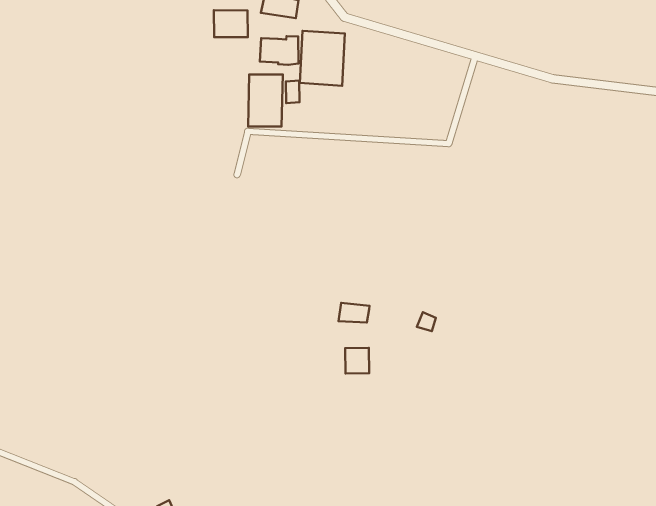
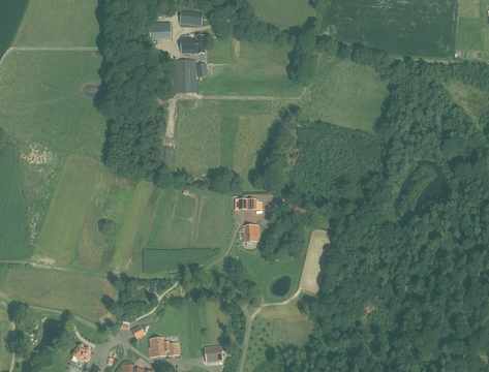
building: [300,31,345,86] -> none

